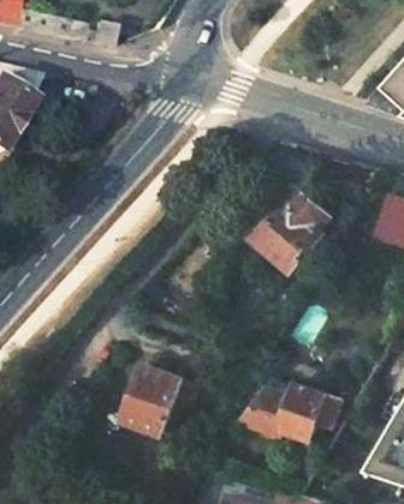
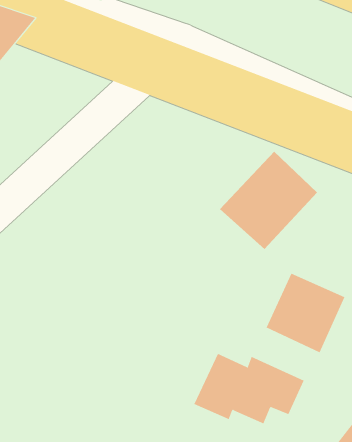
building: none -> [266,273,345,353]
building: [111,358,179,438] -> none

